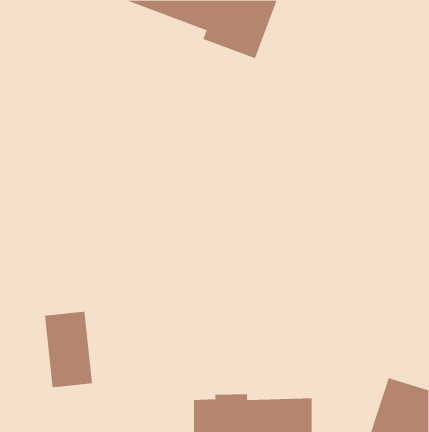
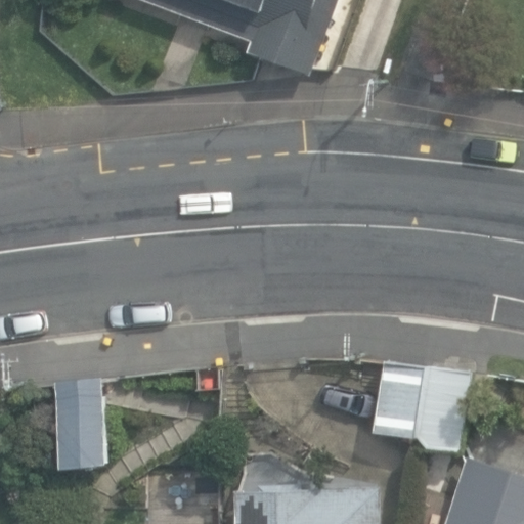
building: none -> [373,358,472,451]

